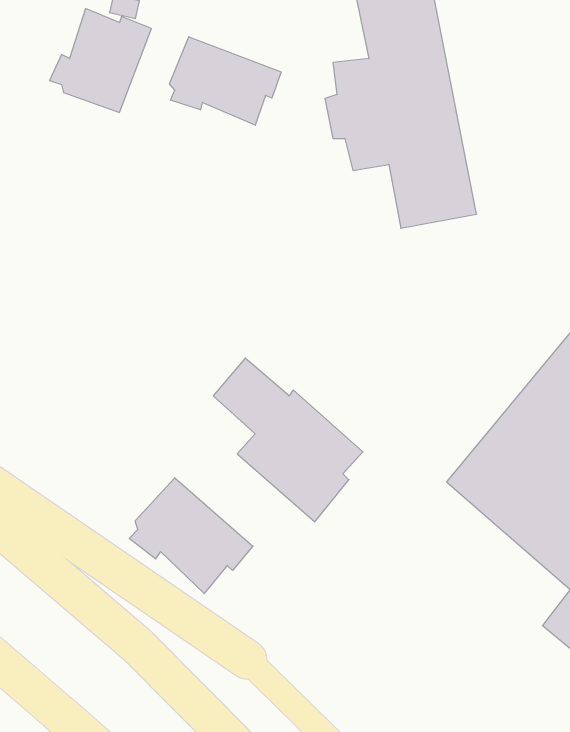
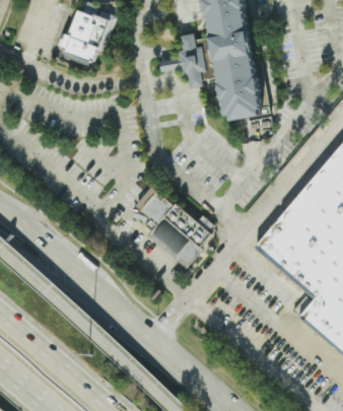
building: [169,37,281,125] -> none
building: [129,478,253,594] -> none

